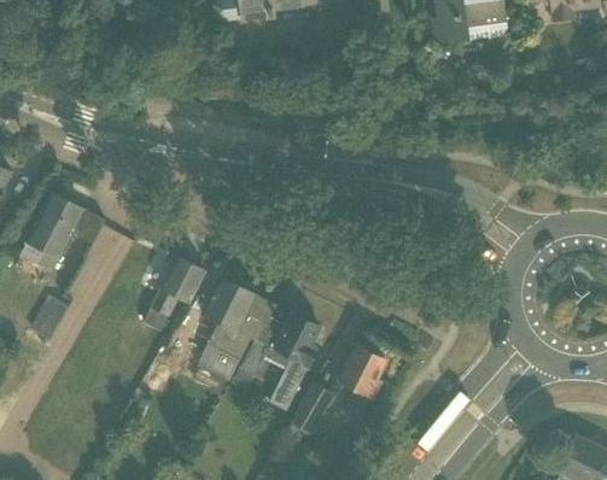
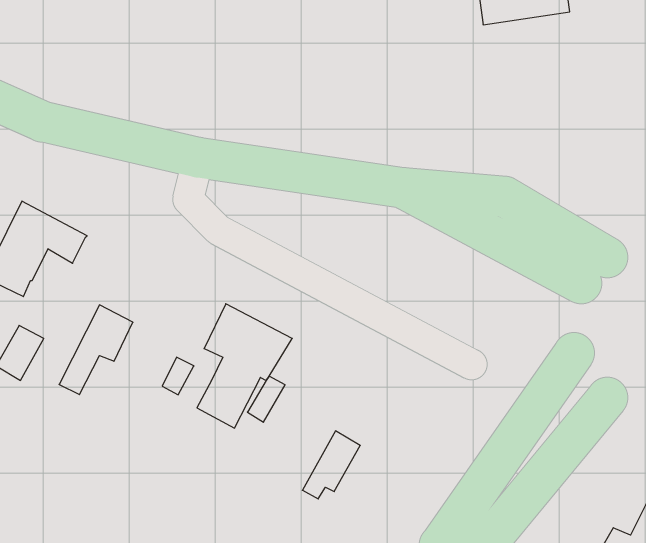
building: [144,256,205,330] -> [59,305,133,395]
building: [269,314,320,410] -> none
building: [339,346,385,411] -> none

